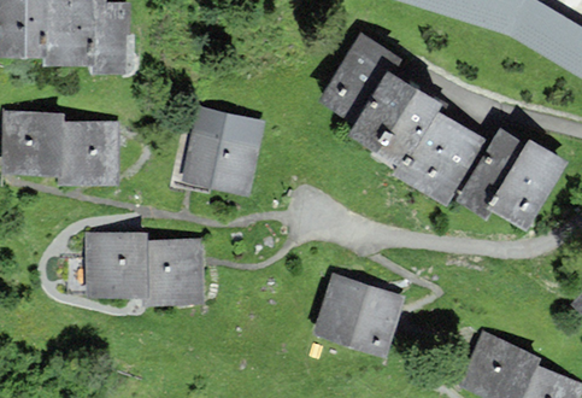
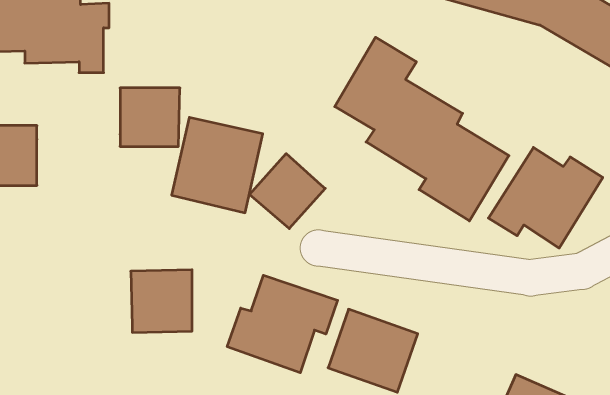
building: [61,129,114,181] -> [120,88,180,146]
building: none -> [249,154,325,229]
building: [92,238,146,295] -> none
building: none -> [227,275,338,373]

